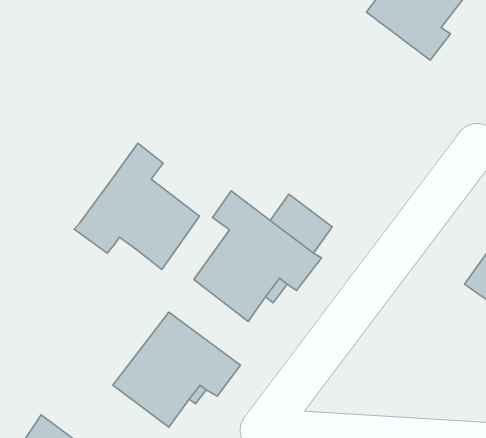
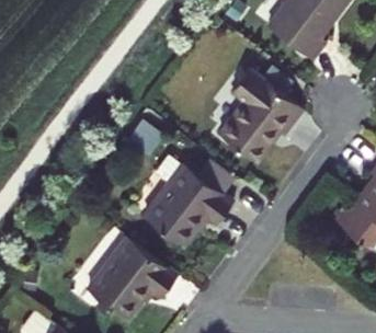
building: none -> [217,68,303,162]
building: [74,143,200,270] -> none

